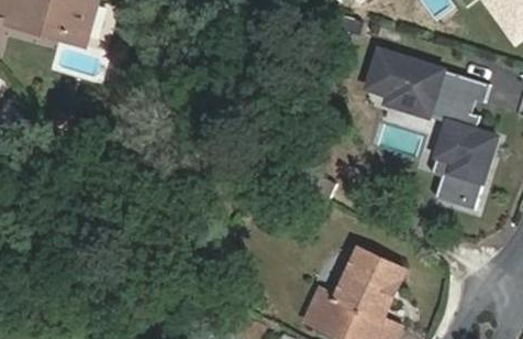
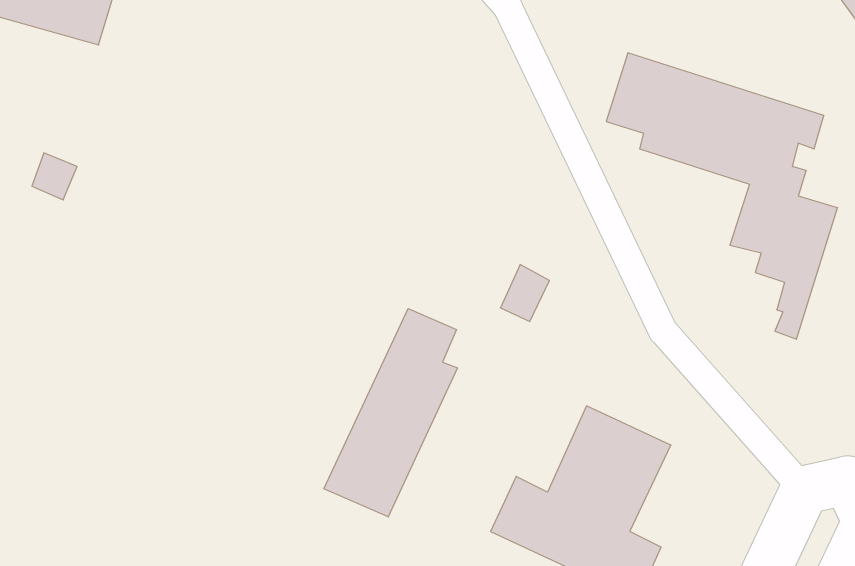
building: [432,157,468,206] -> none
building: none -> [324,309,457,517]

